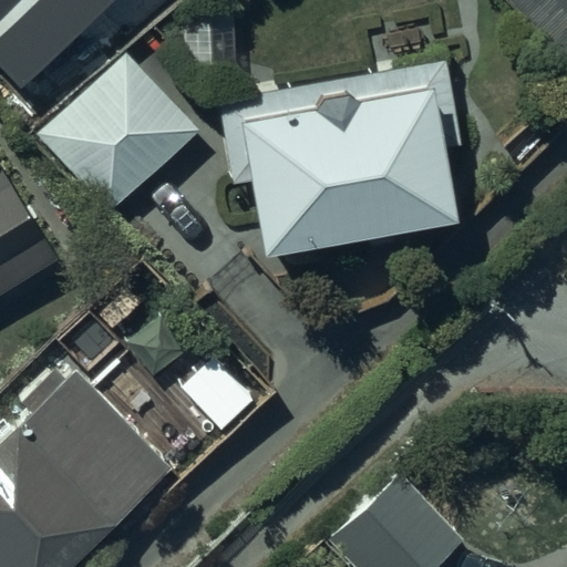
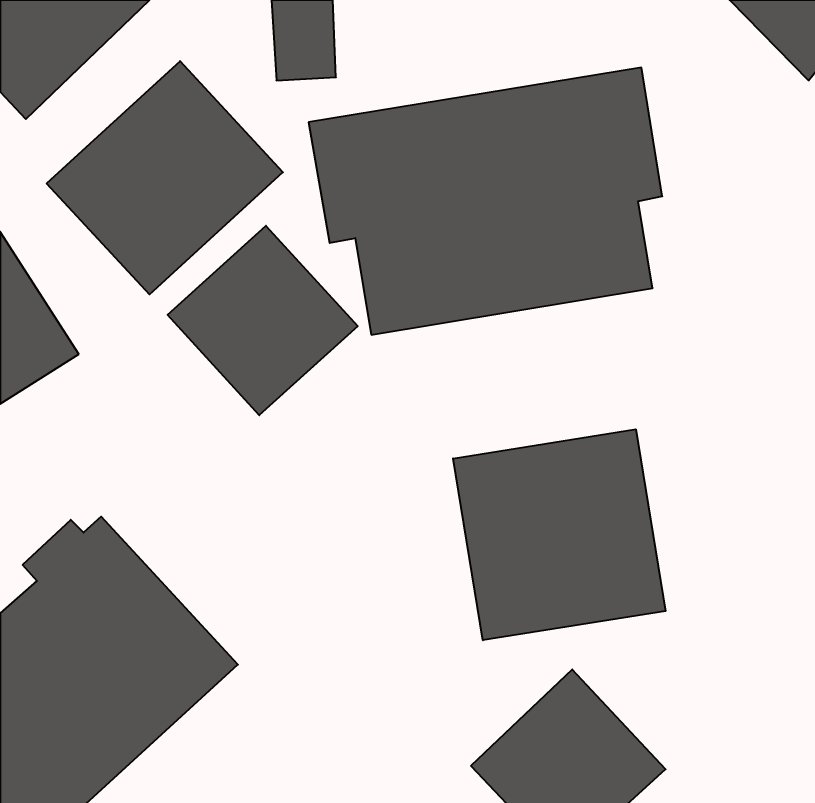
building: none -> [168,226,358,415]
building: none -> [453,429,666,640]

